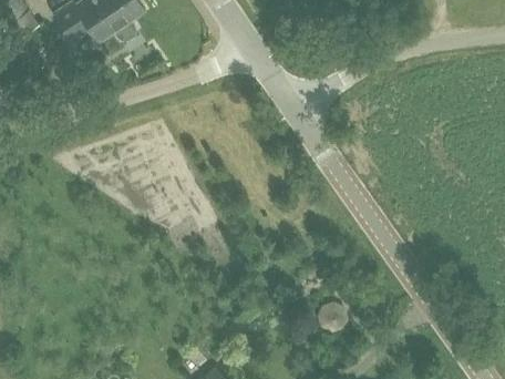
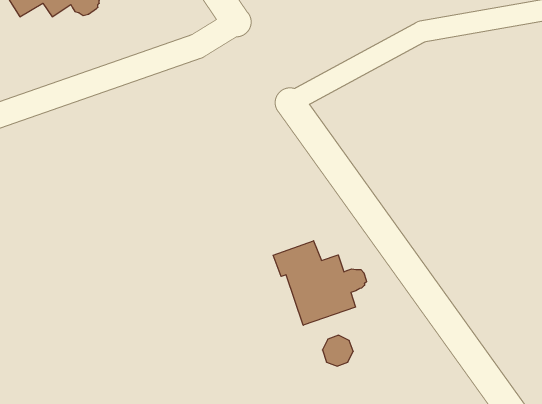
building: none -> [273,241,366,325]

